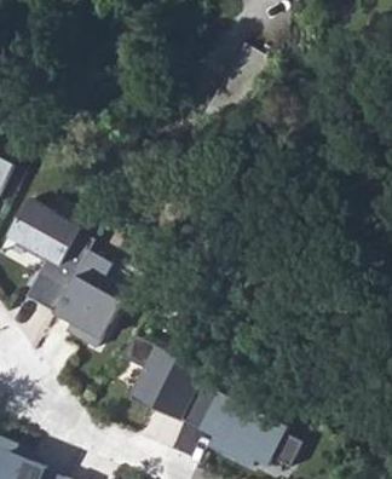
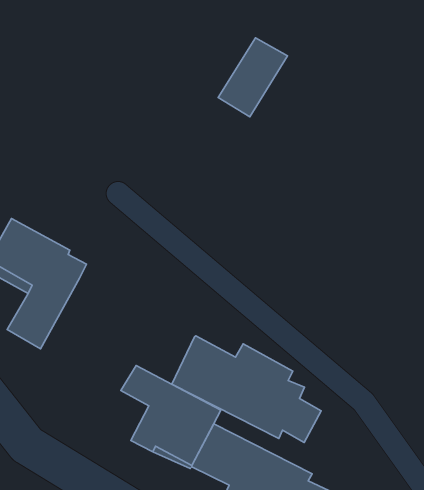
building: [53,254,126,350] -> none
building: none -> [172,336,321,442]

